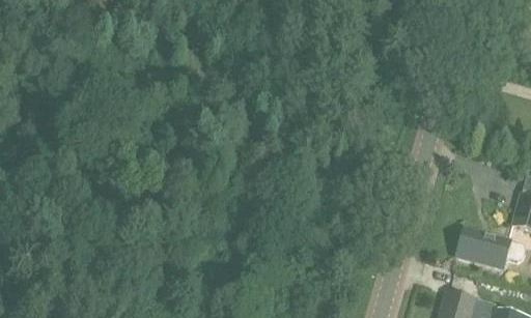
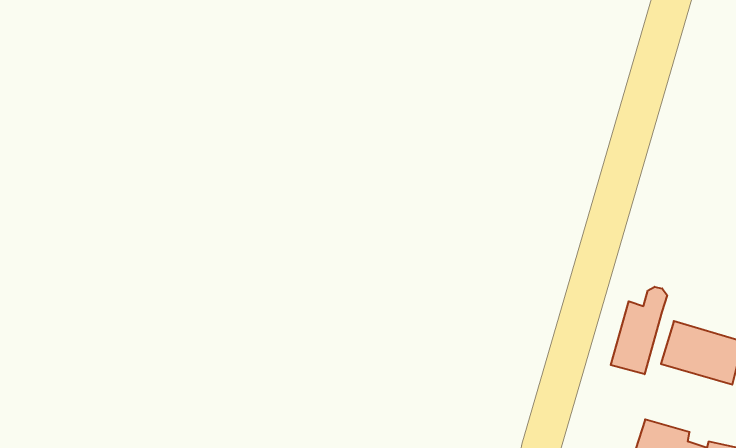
building: none -> [611,287,667,374]

